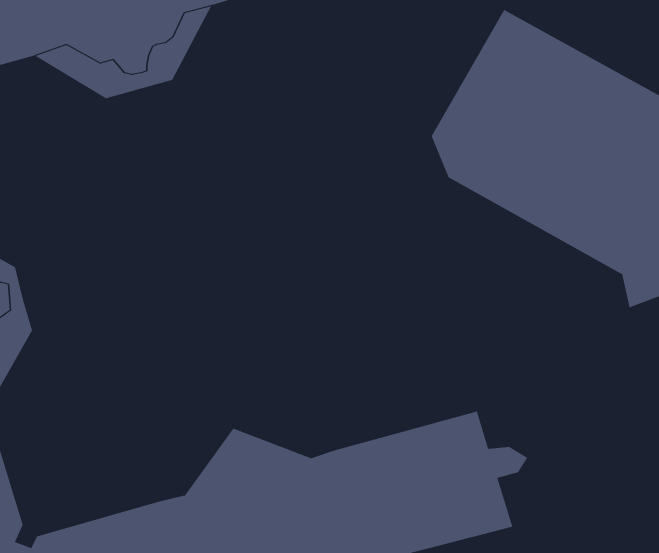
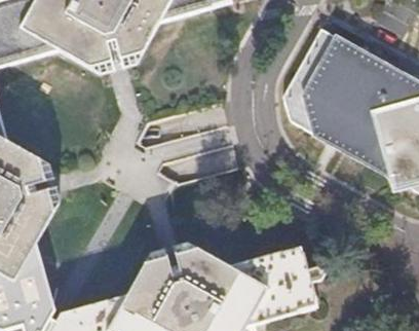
building: none -> [128,244,227,296]

